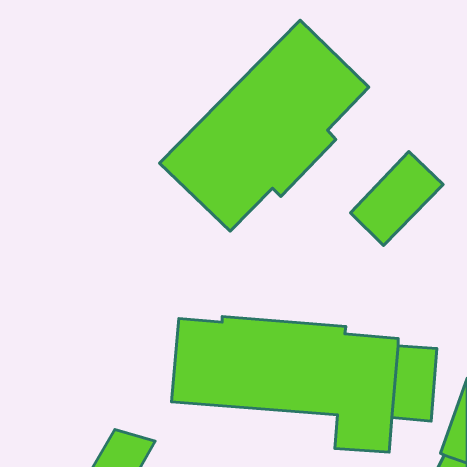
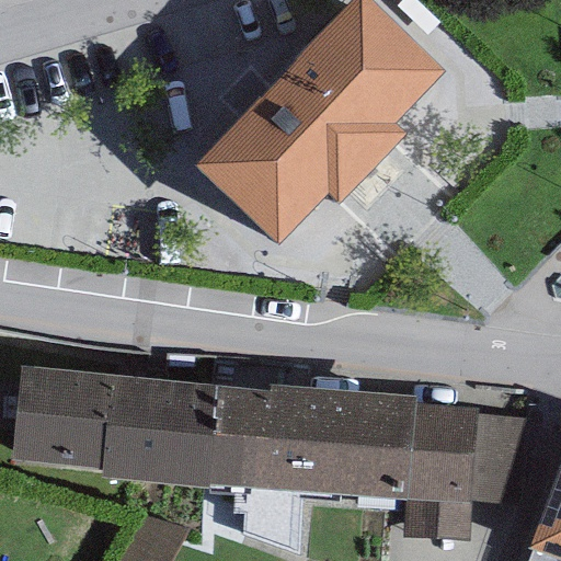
building: [350,152,443,246] -> none
building: none -> [9,364,214,486]

